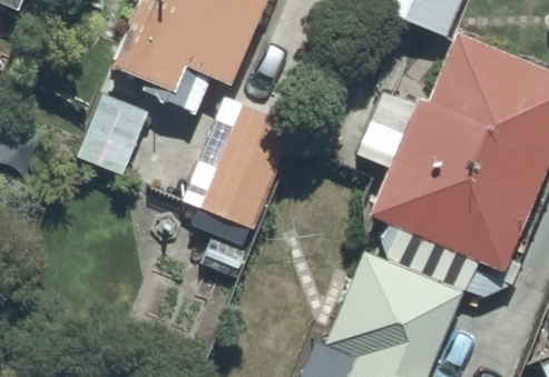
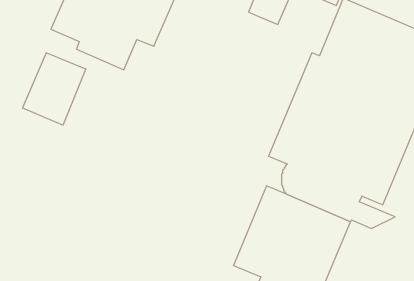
building: [198,100,301,230] -> none

